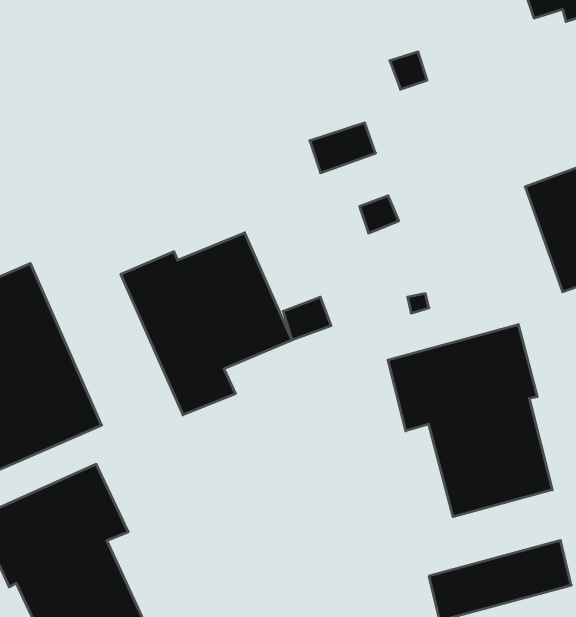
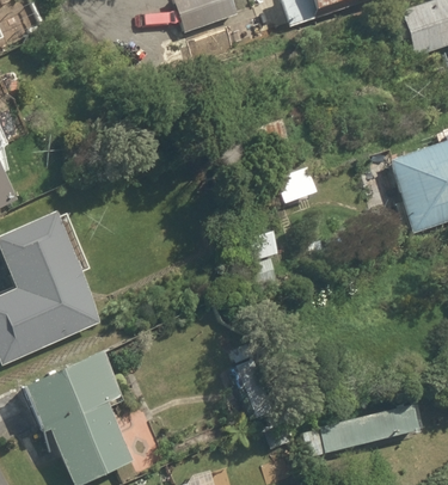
building: [121,233,292,415] -> none
building: [388,324,552,517] -> none

